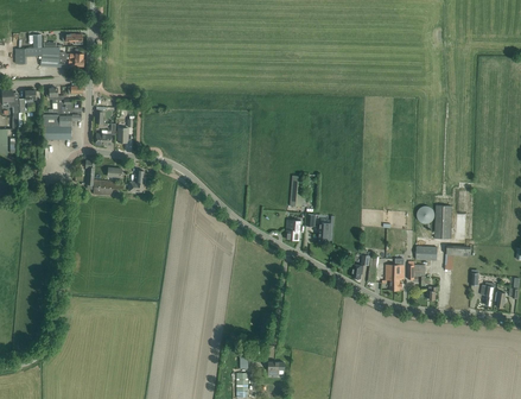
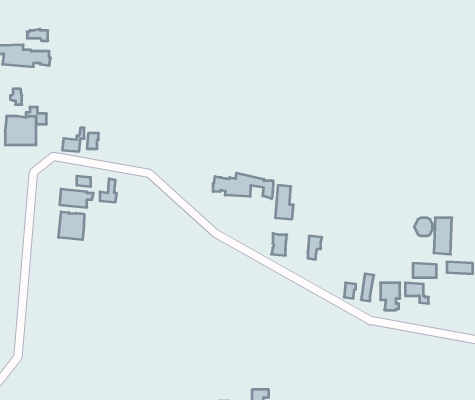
building: none -> [213,173,273,199]
building: none -> [59,212,84,240]

